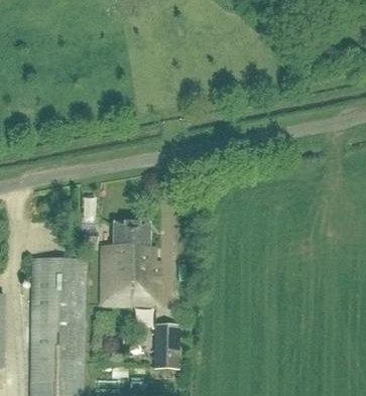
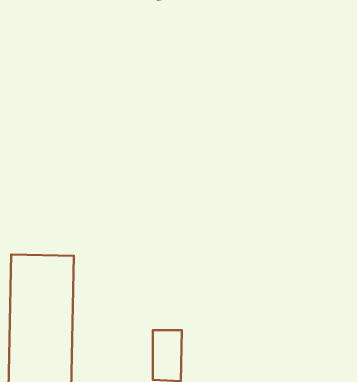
building: [102,222,160,303] -> none

